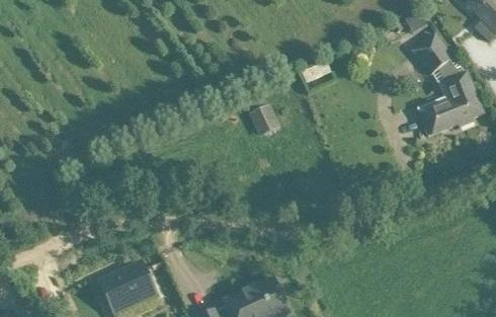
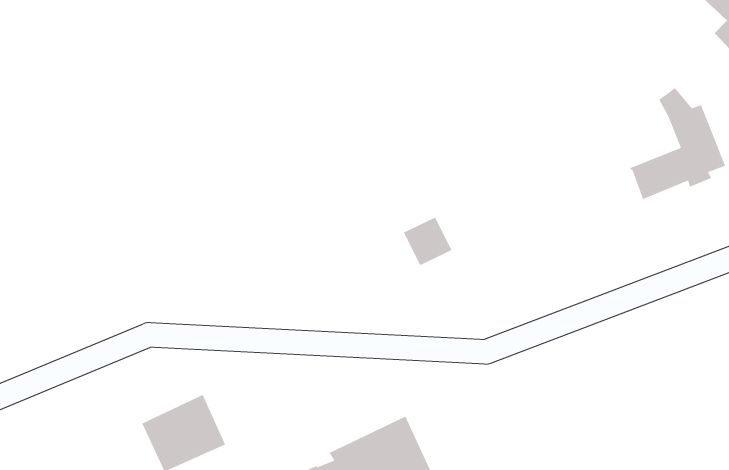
building: [409,29,453,74] -> none
building: [247,102,279,135] -> [403,217,452,266]

